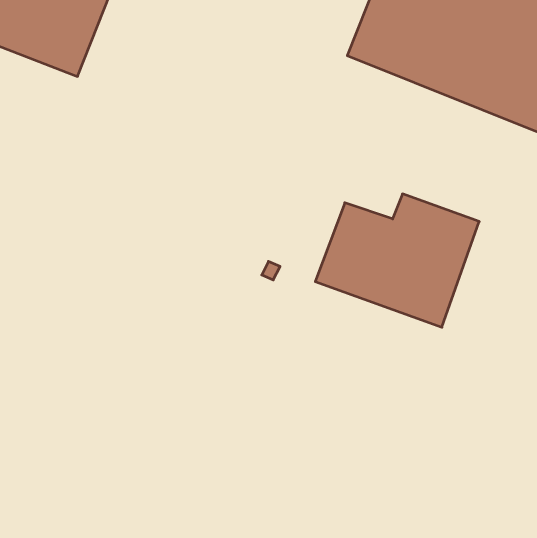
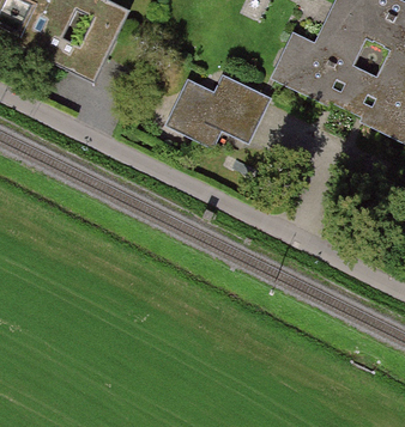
building: [315,194,479,327] -> [175,71,282,157]

